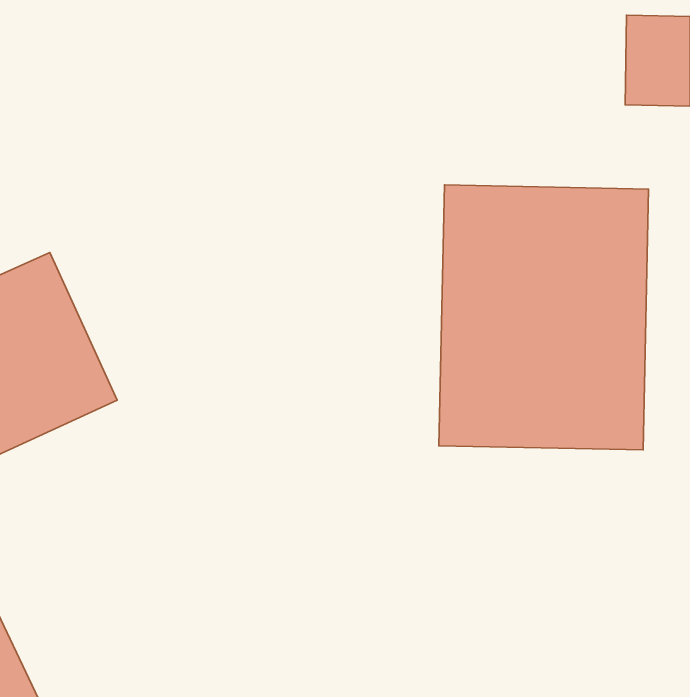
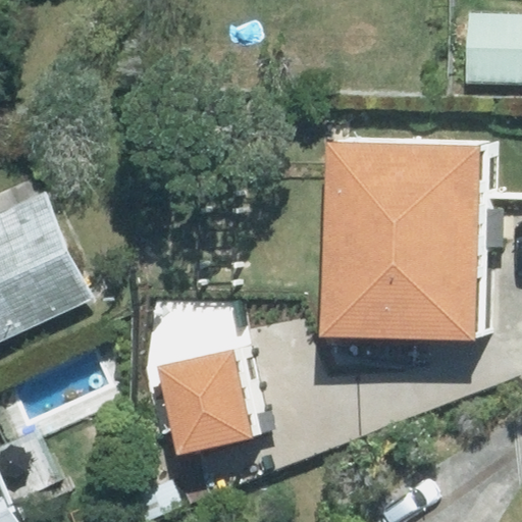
building: none -> [159,351,255,454]

